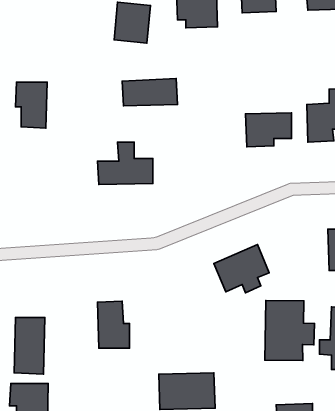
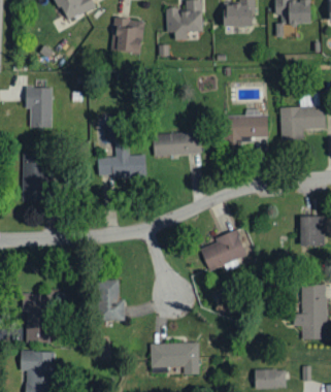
building: [122,79,177,106] -> [153,132,201,156]
building: none -> [23,154,45,201]
building: [265,300,315,361] -> none

